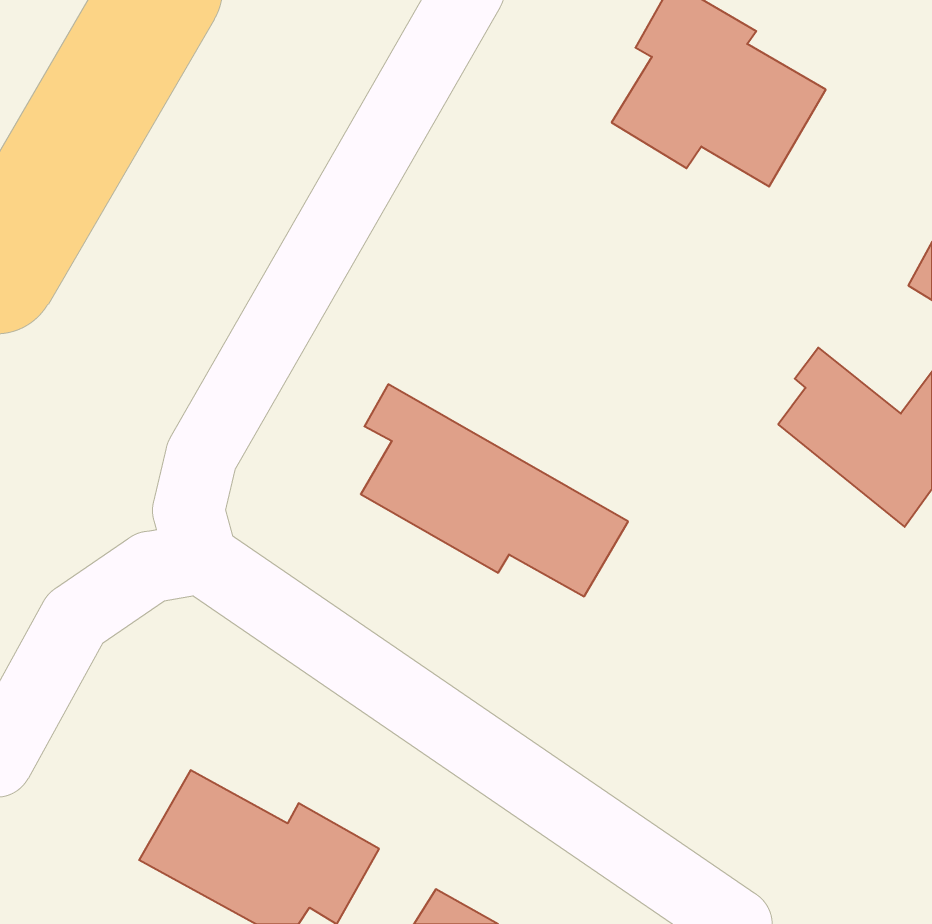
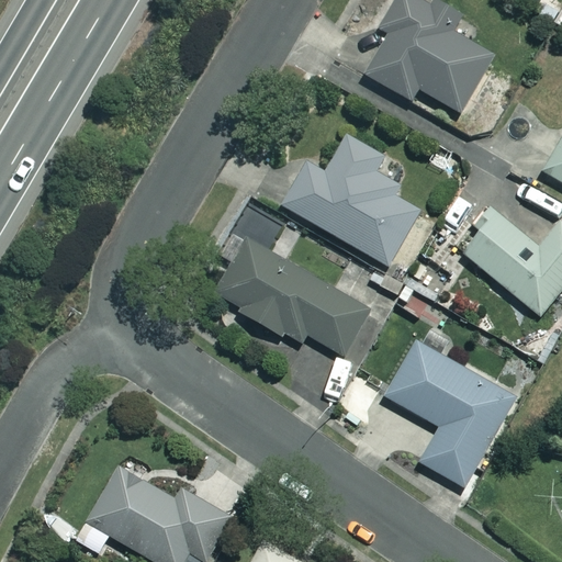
building: none -> [284,136,422,265]
building: none -> [387,342,515,486]

